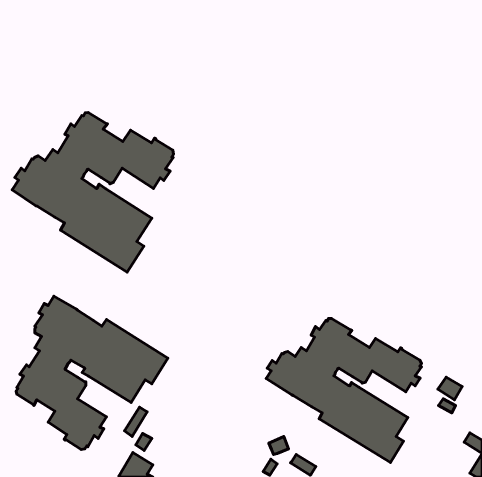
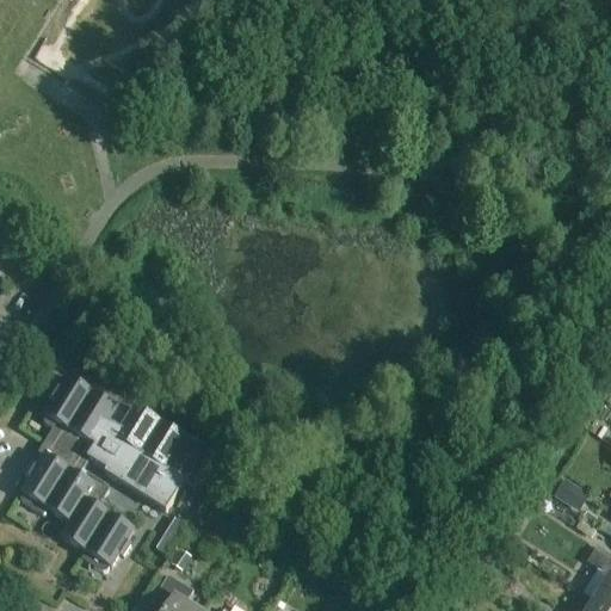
building: [12,113,174,272] -> none
building: [266,319,421,462] -> none

